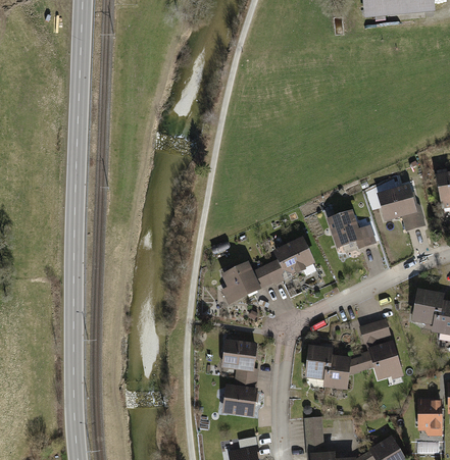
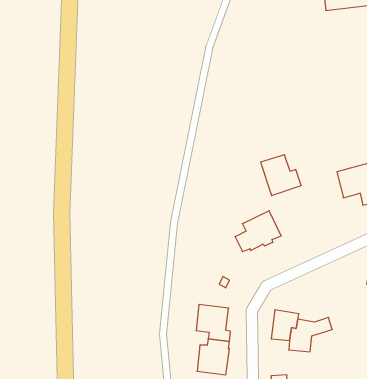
building: [327,211,371,256] -> [261,155,301,196]
building: [220,262,272,305] -> none
building: [359,318,403,388] -> none

